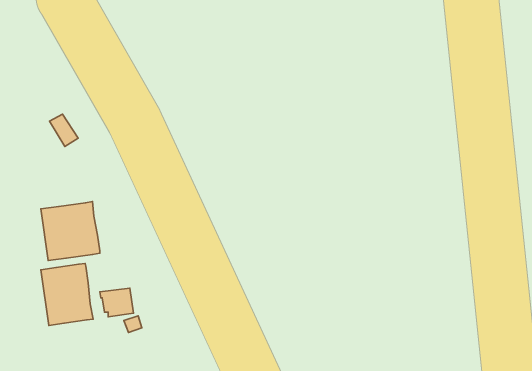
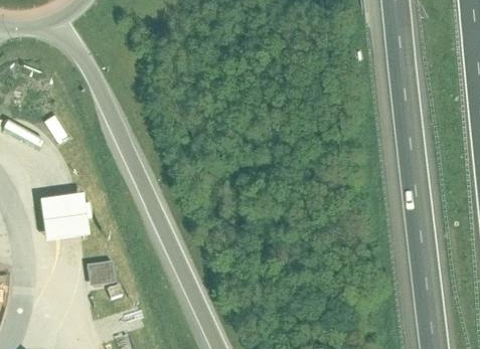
building: [41,264,93,325] -> none

